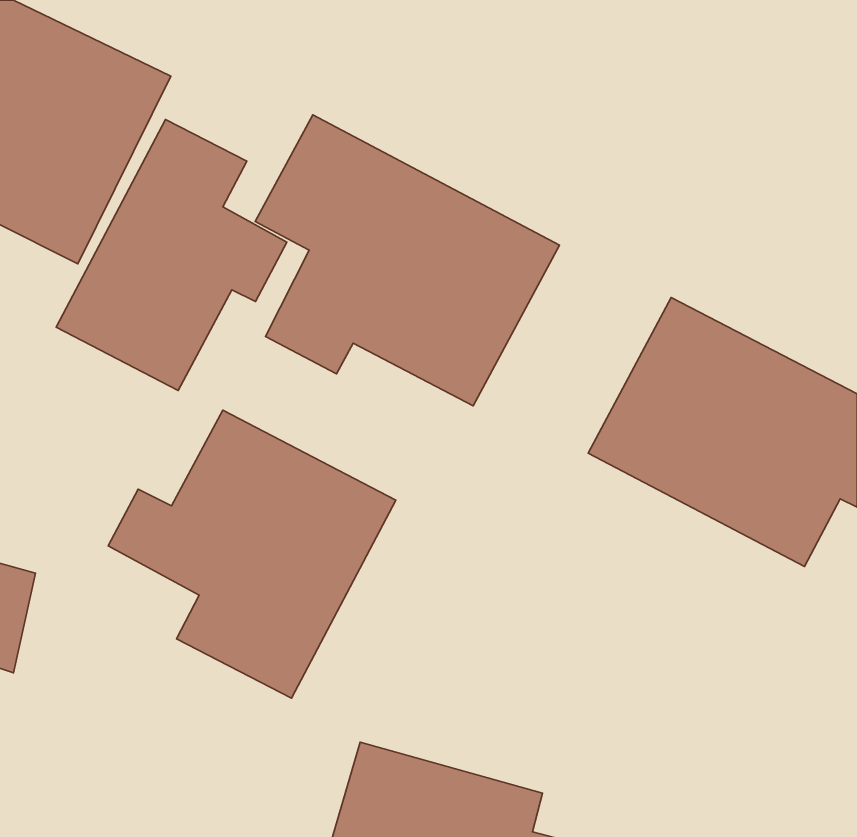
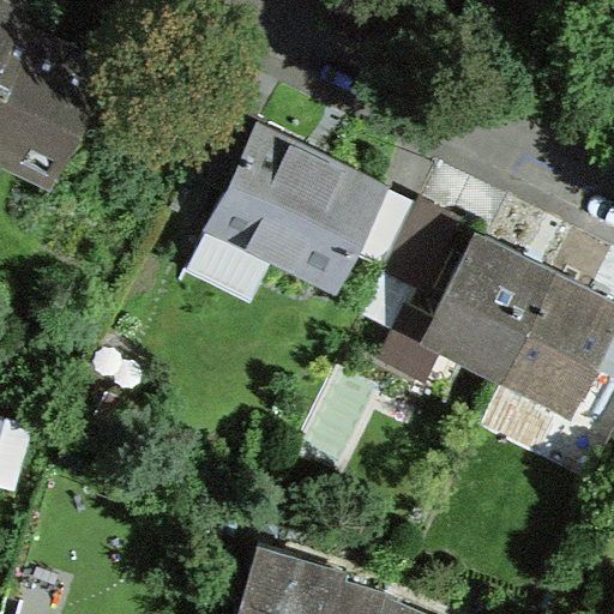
building: [56,120,287,390] -> none
building: [108,410,396,698] -> none

